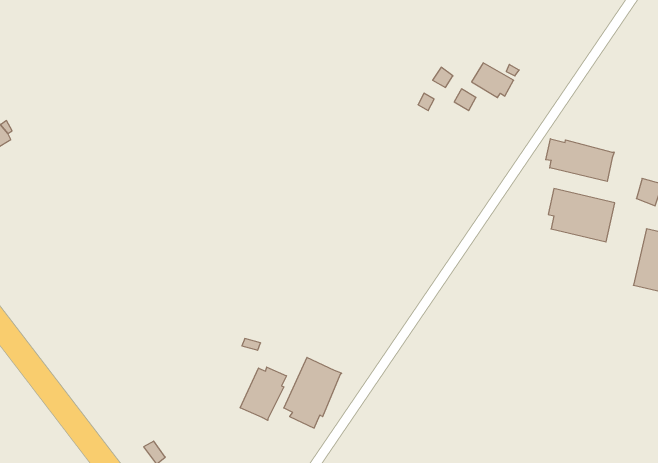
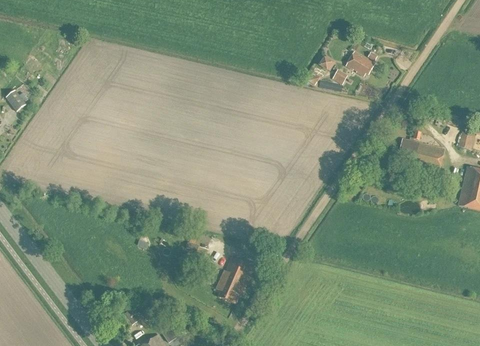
building: [546,139,614,181] -> none
building: [240,367,286,420] -> none

